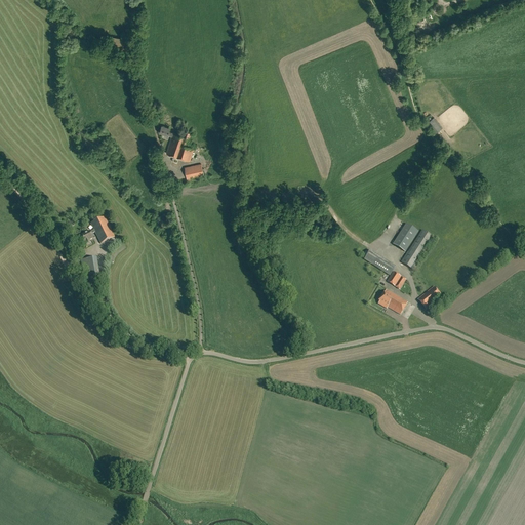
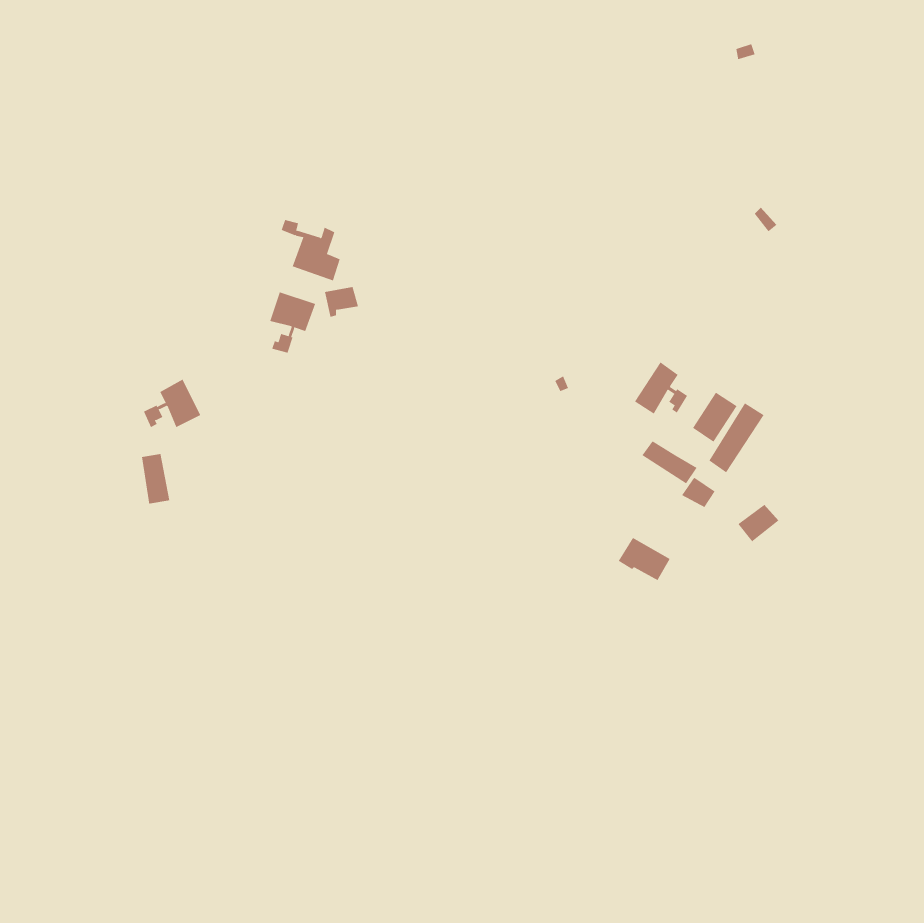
building: none -> [269,291,316,353]
building: none -> [634,362,688,414]
building: [377,288,407,313] -> [618,537,670,581]

